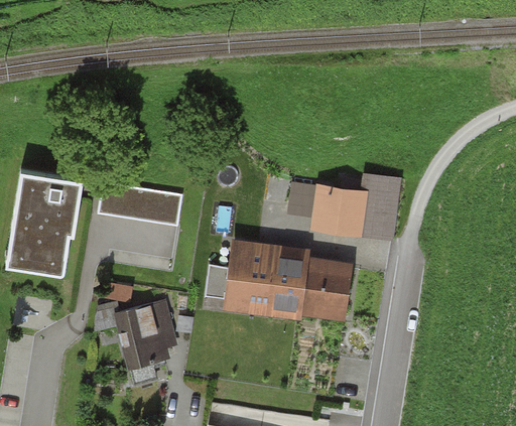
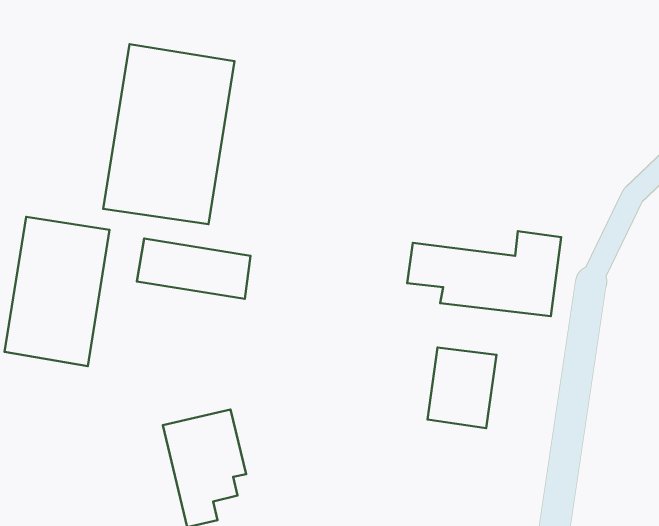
building: none -> [103,44,234,224]
building: [207,249,309,309] -> none

